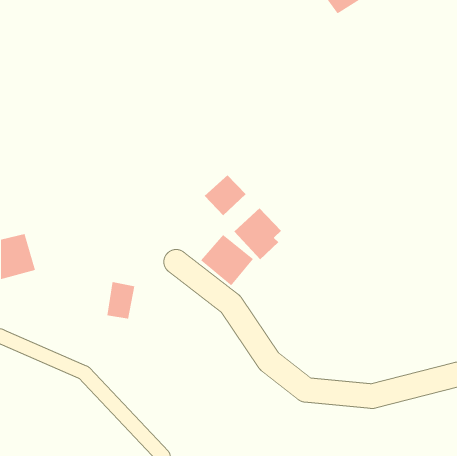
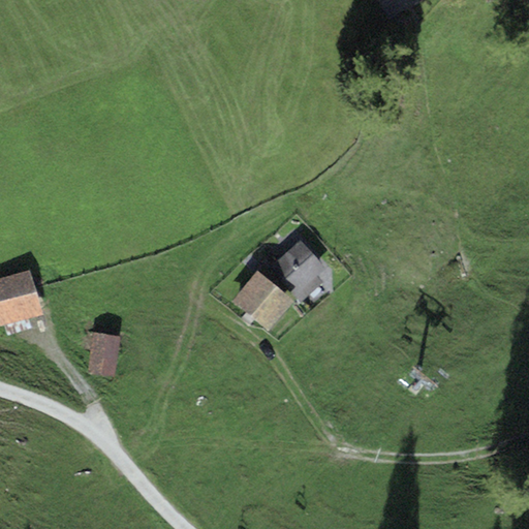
building: [204,175,247,216] -> none
building: [107,282,135,319] -> [87,332,120,375]

